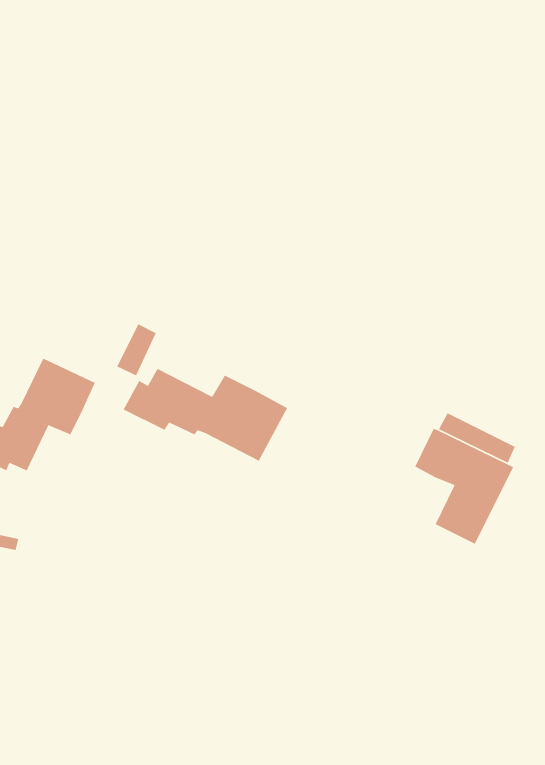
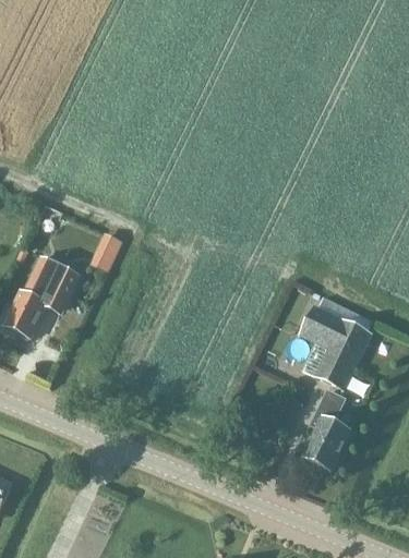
building: [123,368,288,462] -> none
building: none -> [303,391,350,472]

